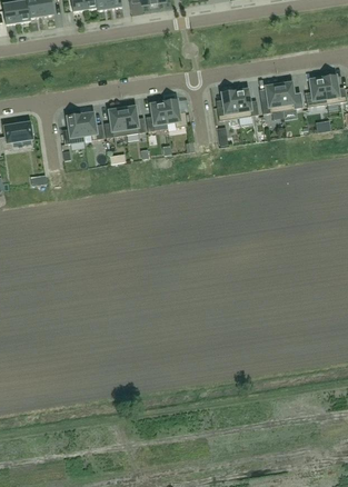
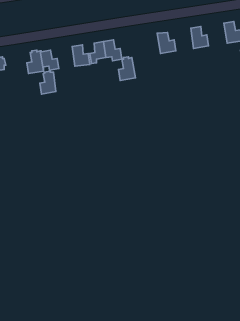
building: [305,77,327,106] -> none
building: [261,83,282,113] -> none
building: [217,89,239,120] -> [119,57,135,80]
building: [105,107,126,137] -> [40,71,56,94]

